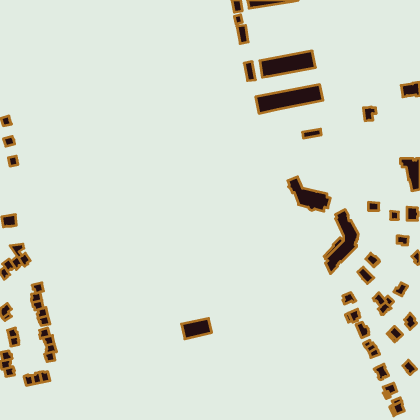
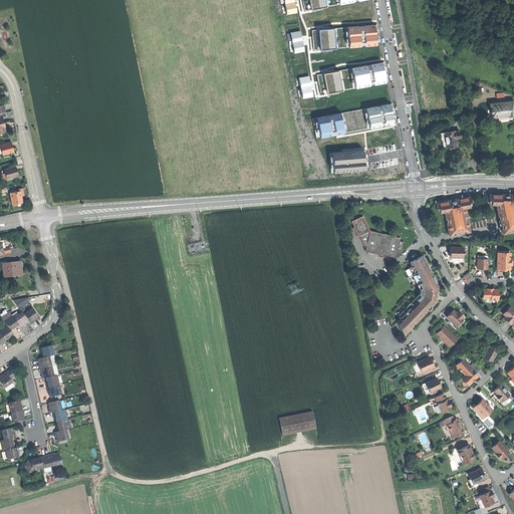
building: none -> [312,25,376,50]
building: none -> [329,150,367,173]
building: none -> [436,196,471,233]
building: [181,318,212,339] -> [278,411,315,436]

